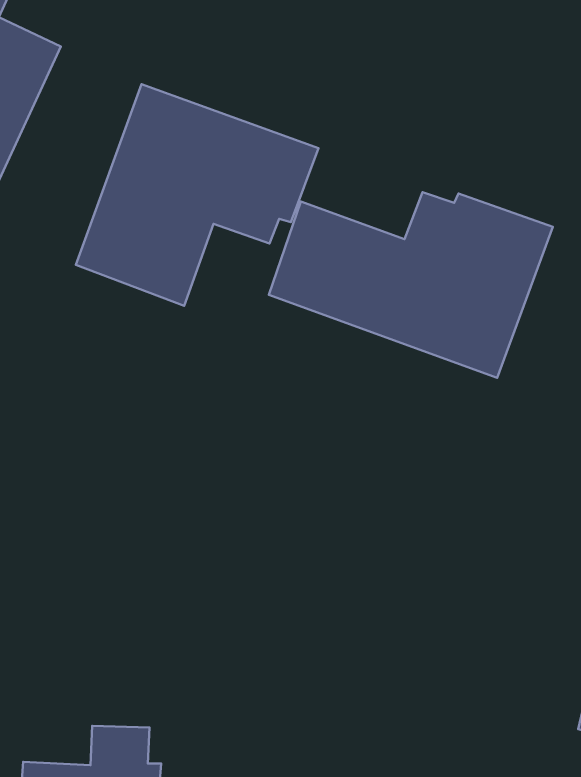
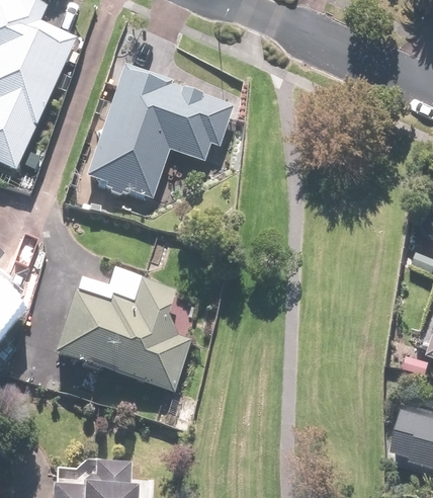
building: [269,192,553,378] -> none
building: none -> [55,278,194,391]

